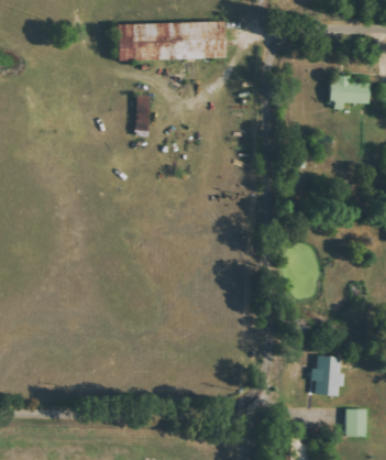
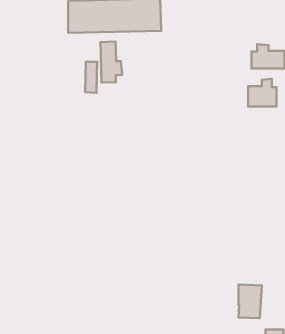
building: none -> [100,42,122,83]
building: none -> [248,79,277,106]

